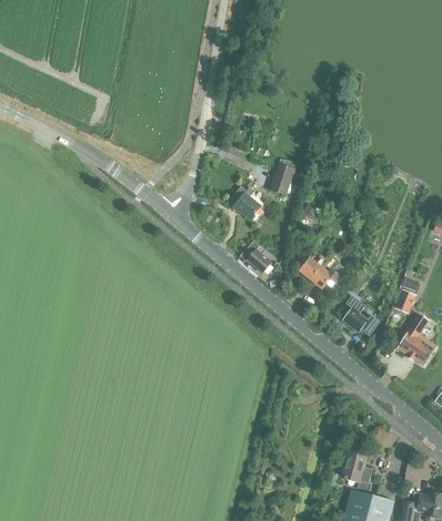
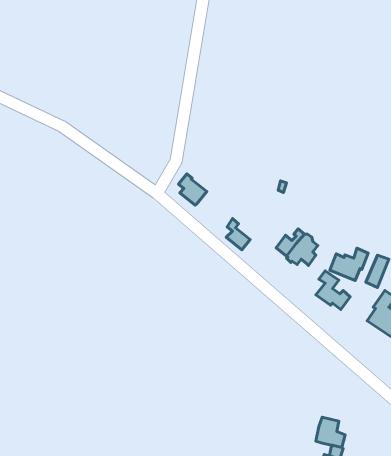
building: [271,157,299,195] -> none
building: [232,186,262,219] -> [179,174,207,205]
building: none -> [330,248,368,280]

